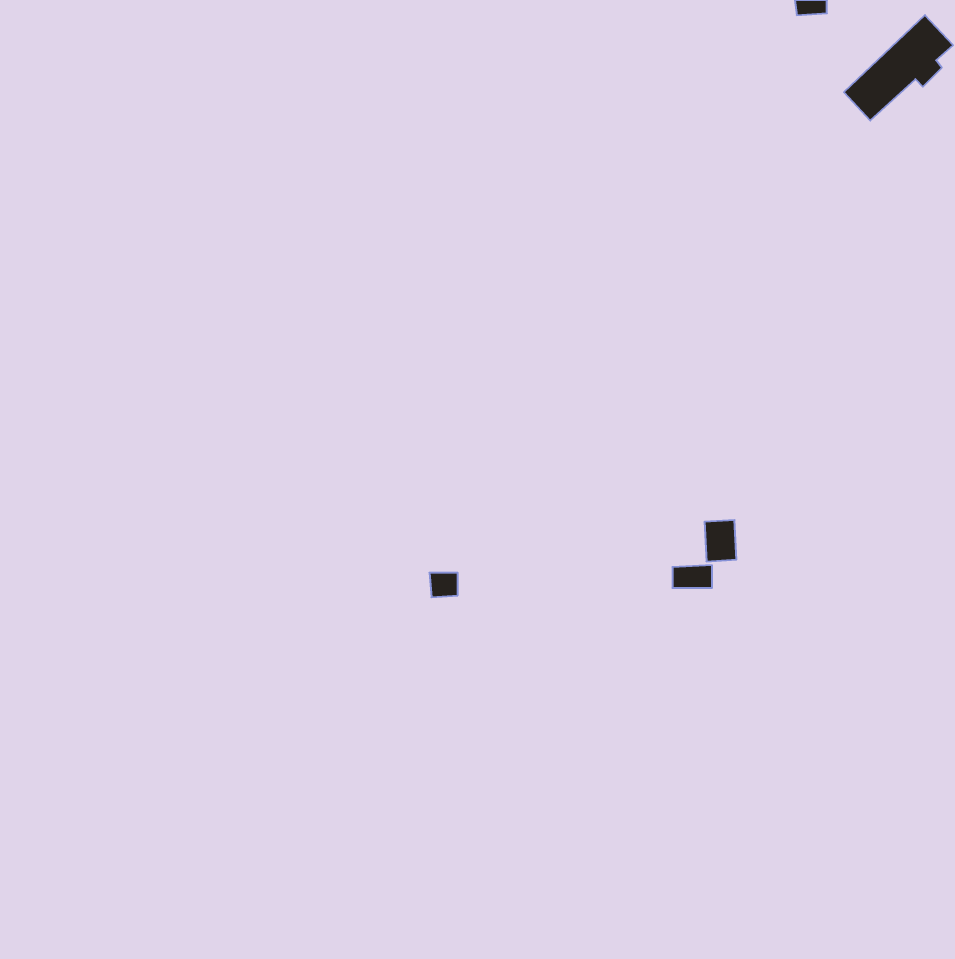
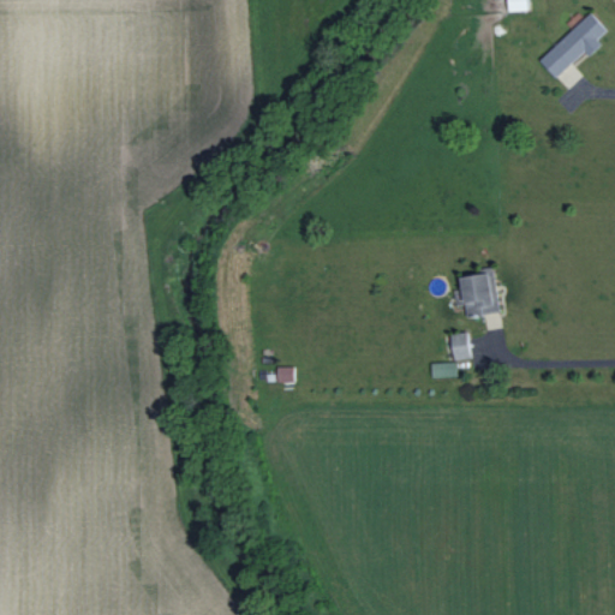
building: none -> [461,268,498,315]

